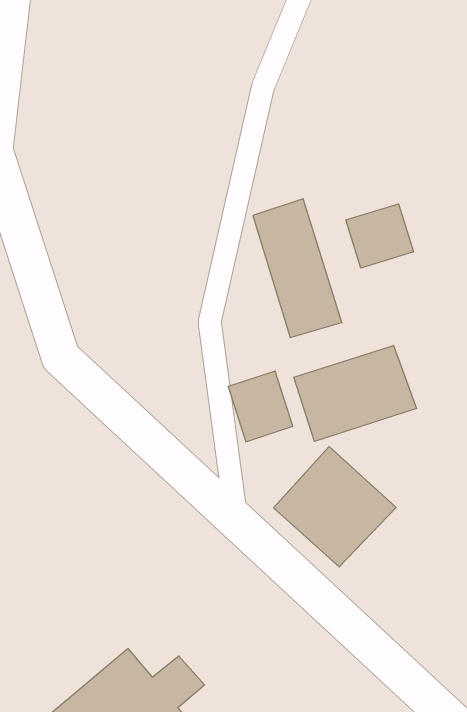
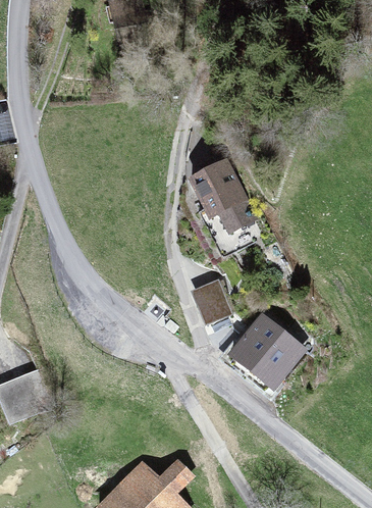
building: [346,204,414,268] -> none
building: [294,345,417,441] -> none

